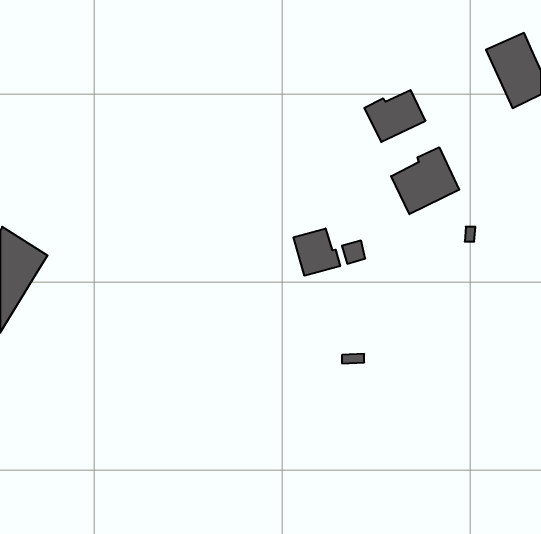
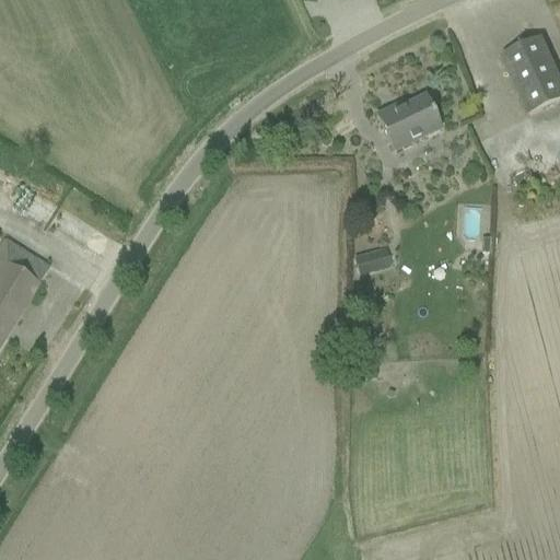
building: [391,147,459,214] -> none
building: [294,228,340,276] -> none

